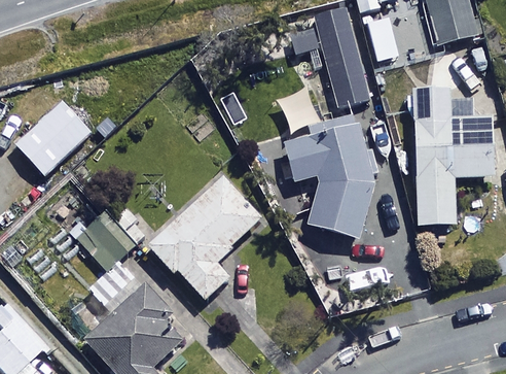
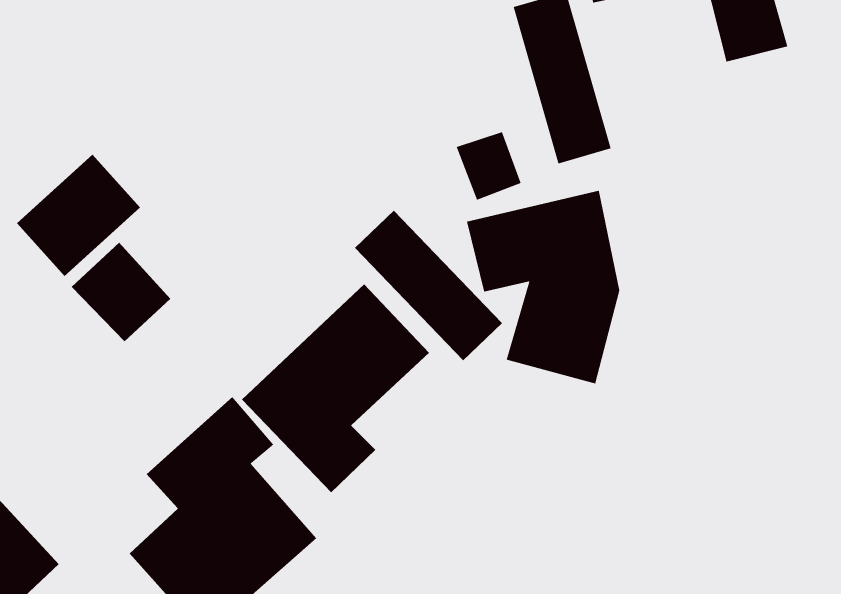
building: [413,88,494,226] -> none
building: none -> [354,210,503,361]
building: [75,207,135,267] -> [71,242,171,342]

